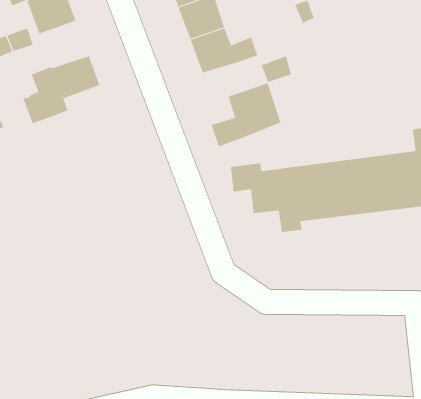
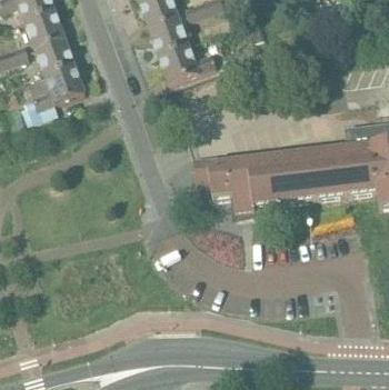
building: none -> [33,39,76,78]
building: [211,82,281,147] -> none

